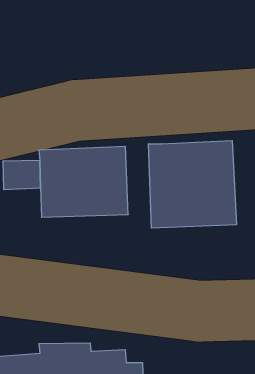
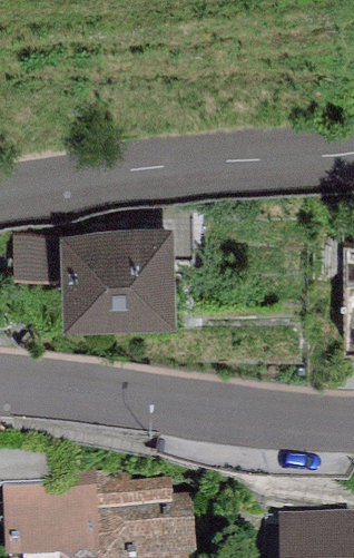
building: [149,141,236,228] -> none

